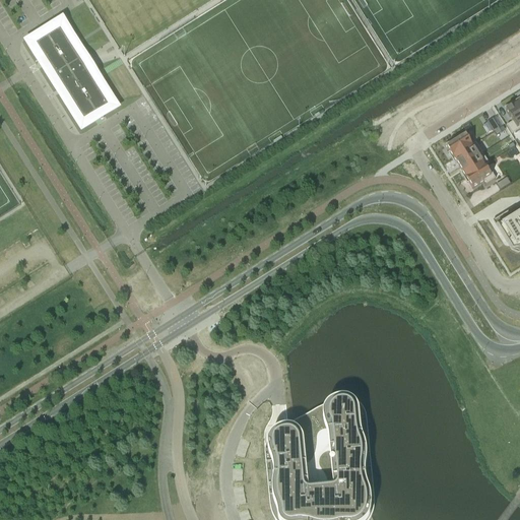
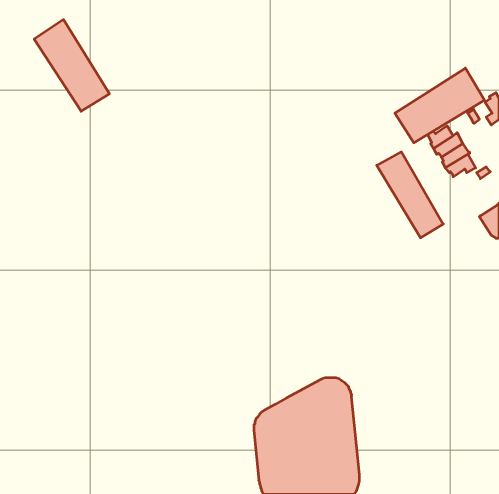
building: none -> [395,68,484,143]
building: none -> [377,152,443,238]

